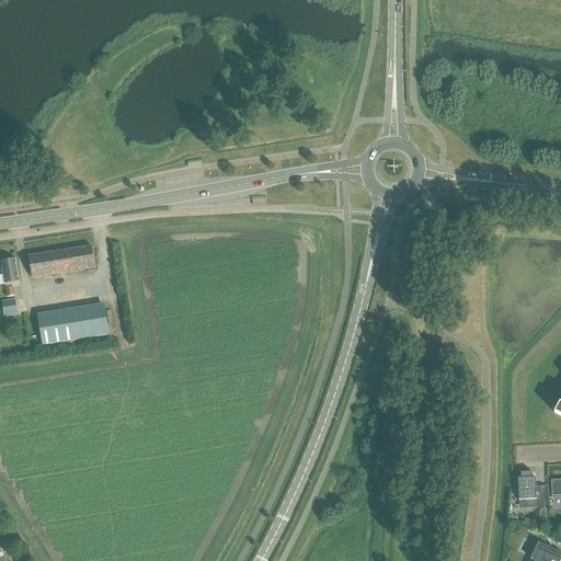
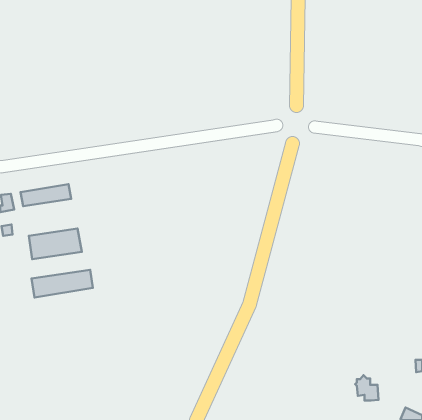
building: none -> [32,270,93,298]
building: [516,471,547,505] -> [355,375,378,401]

